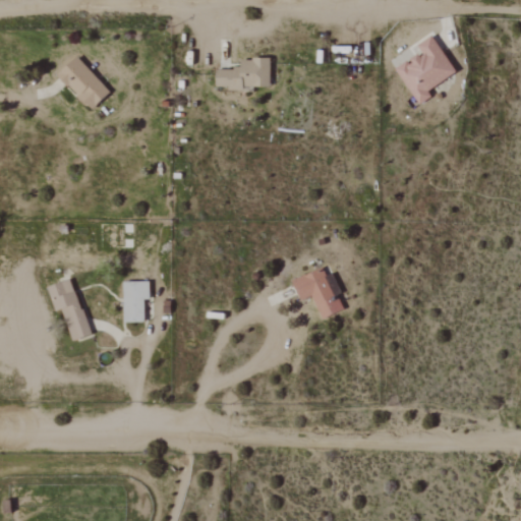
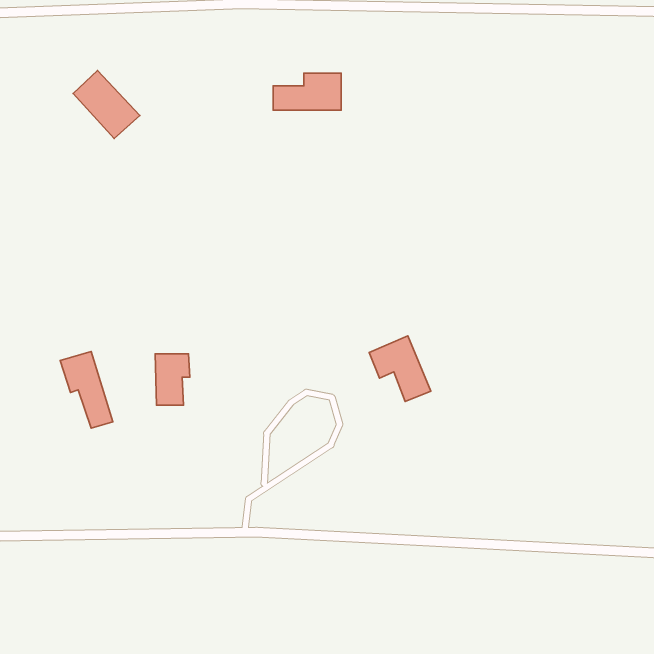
building: [397,35,457,104] -> none

